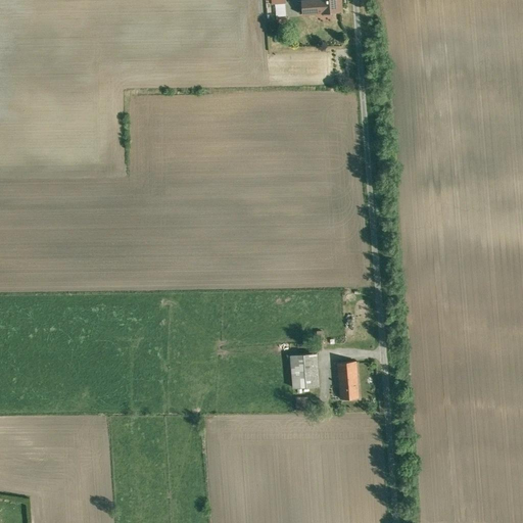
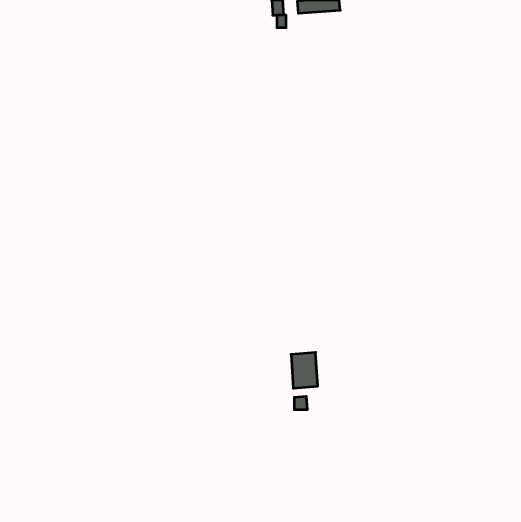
building: [337,361,358,399] -> none

